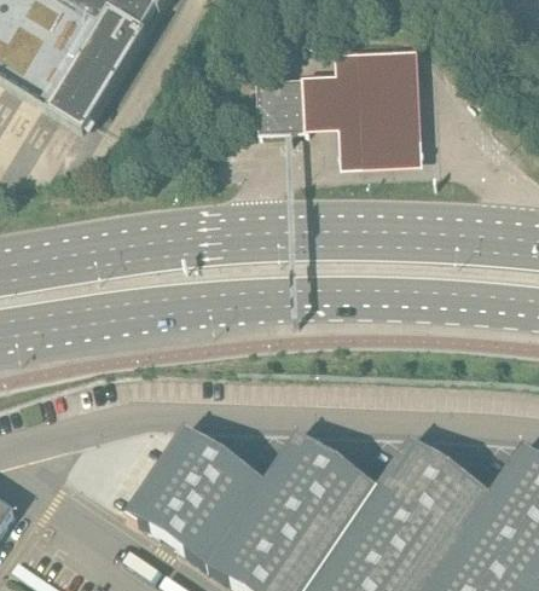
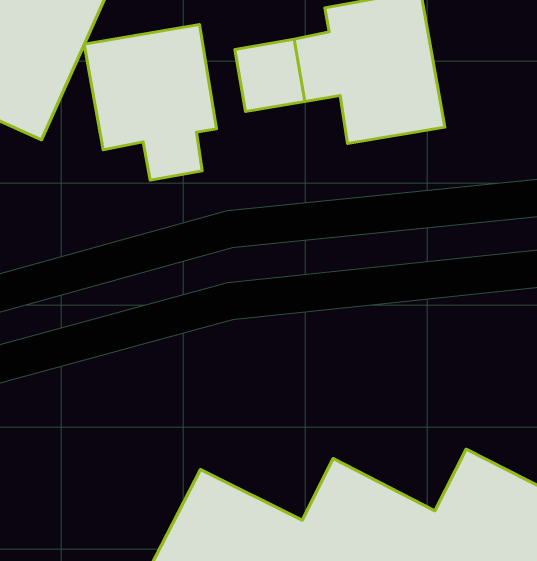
building: none -> [84,24,217,180]

